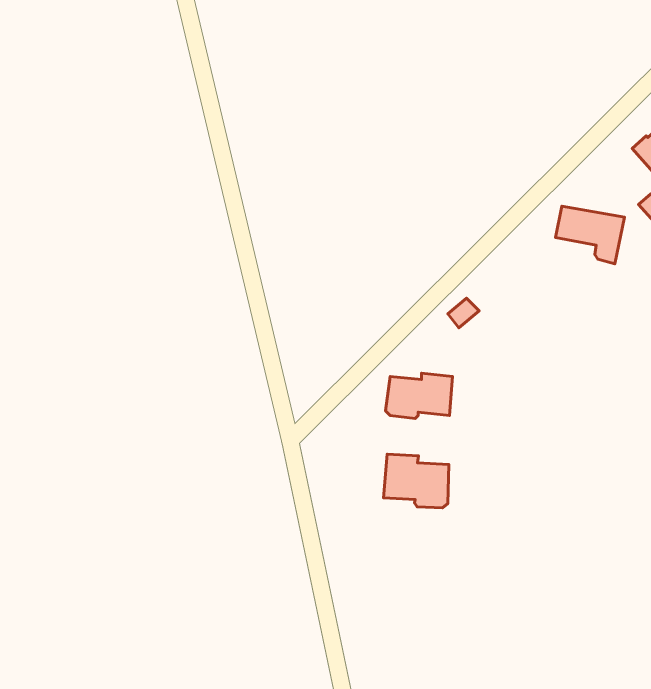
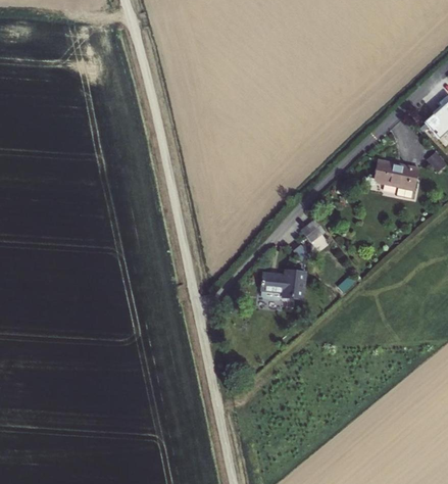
building: [384,454,449,508] -> none

